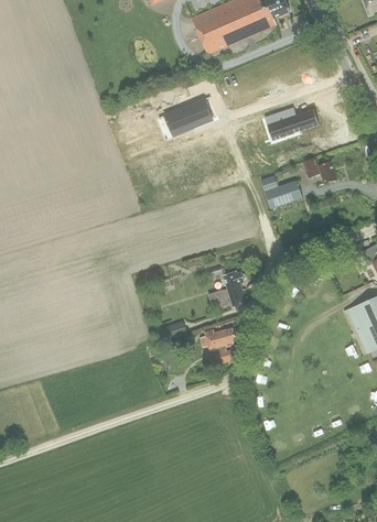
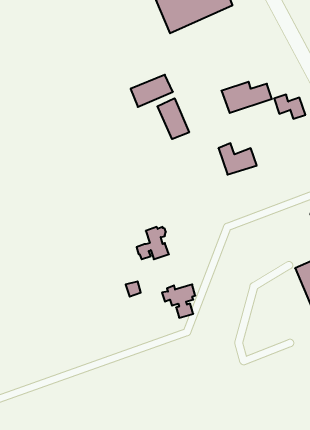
building: none -> [157,98,189,139]
building: [303,157,337,184] -> [274,95,305,119]
building: [213,271,248,306] -> [137,227,169,259]

